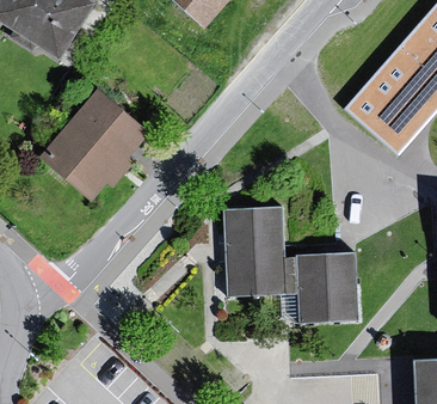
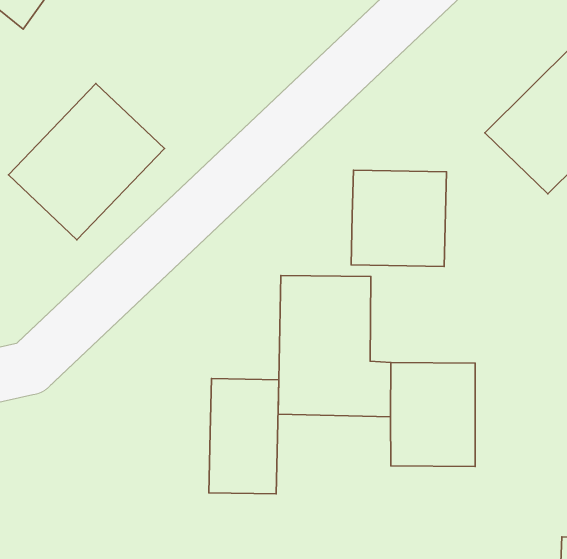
building: none -> [351,170,447,267]
building: none -> [209,379,279,494]

